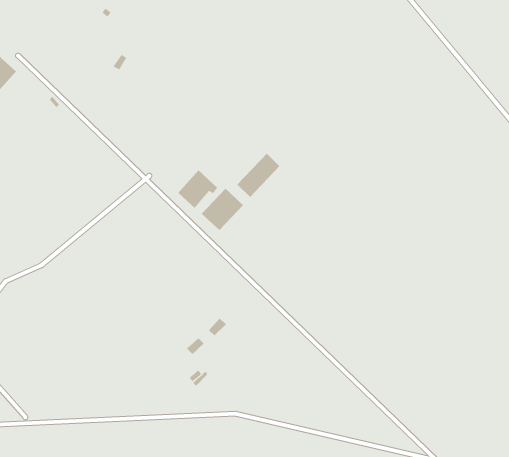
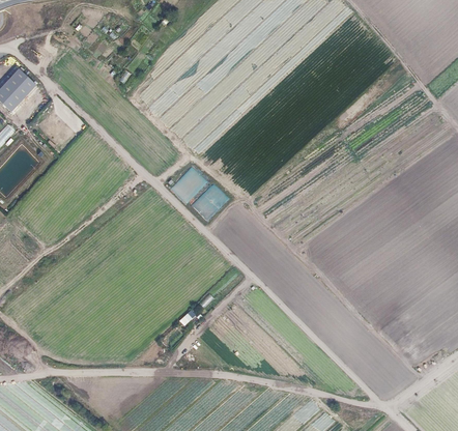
building: [237,153,280,198] -> none

